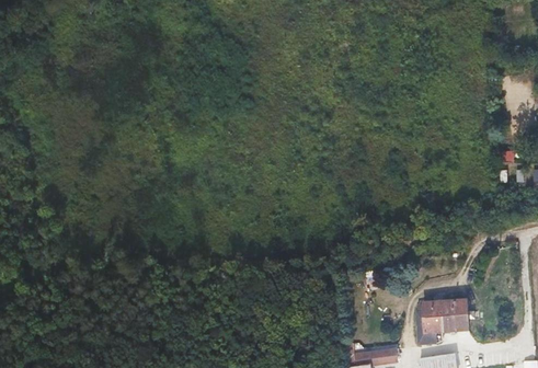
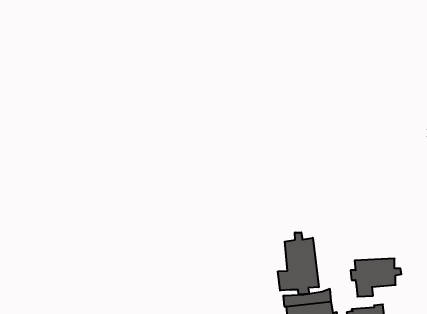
building: none -> [278,232,319,295]

